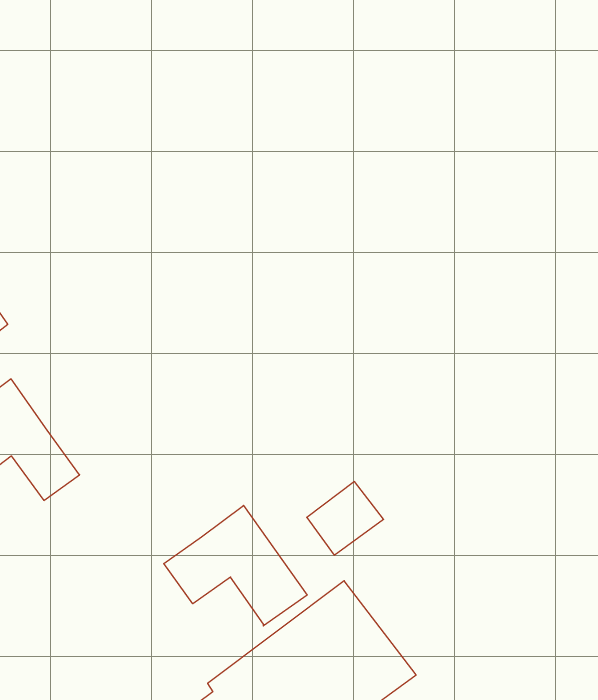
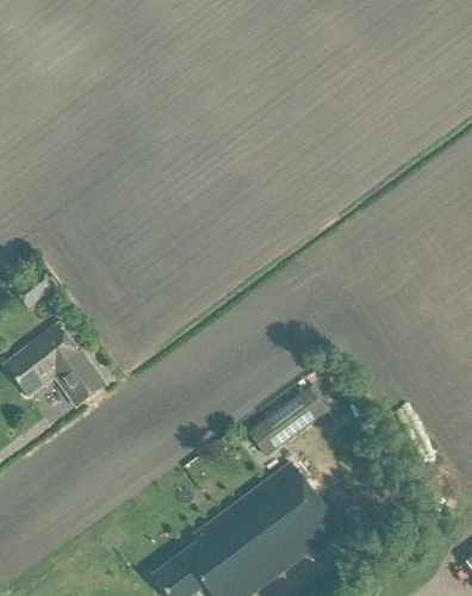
building: [164,505,307,626] -> none

